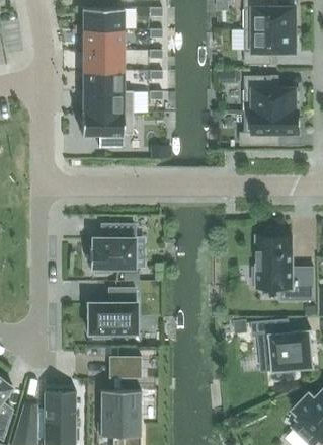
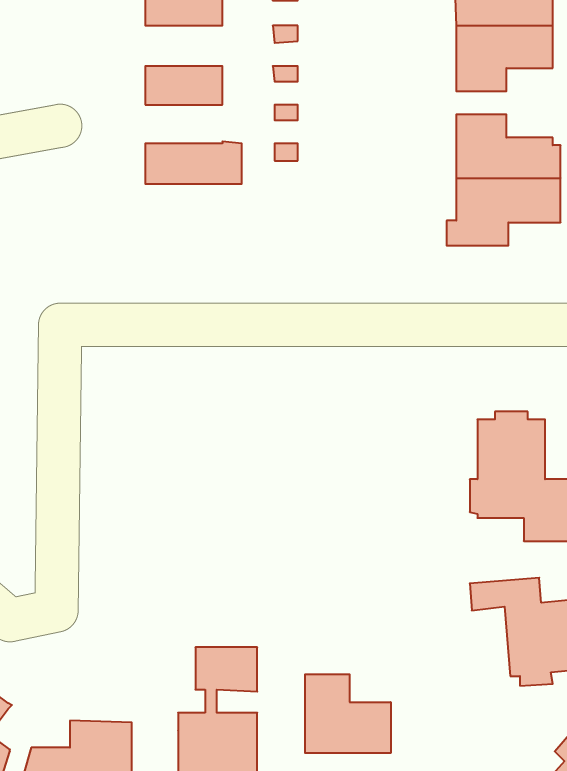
building: [82,29,123,51] -> none
building: [82,71,123,91] -> none
building: [81,112,133,148] -> none
building: [89,224,134,273] -> none
building: [87,288,136,338] -> none
building: none -> [305,674,391,753]

